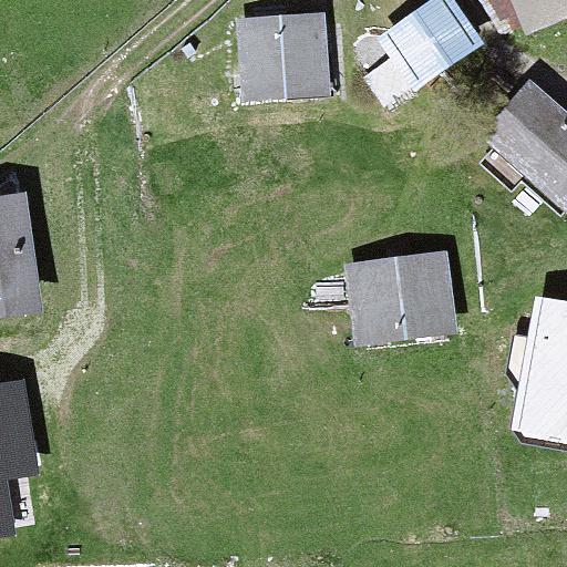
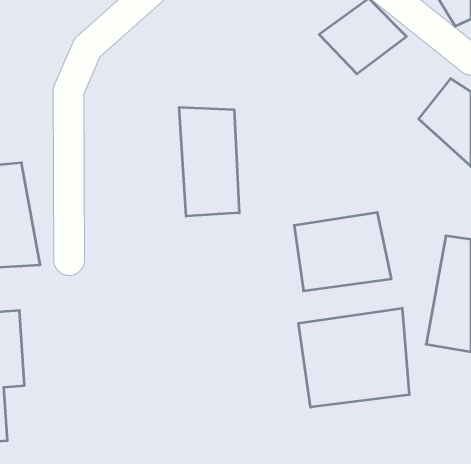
building: [235,10,331,100] -> none
building: none -> [179,107,239,216]
building: none -> [299,308,409,407]

